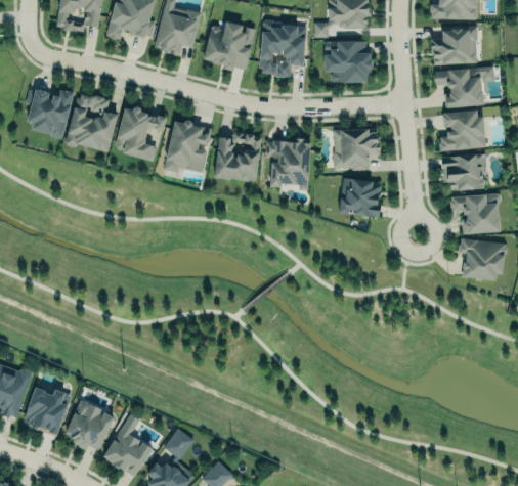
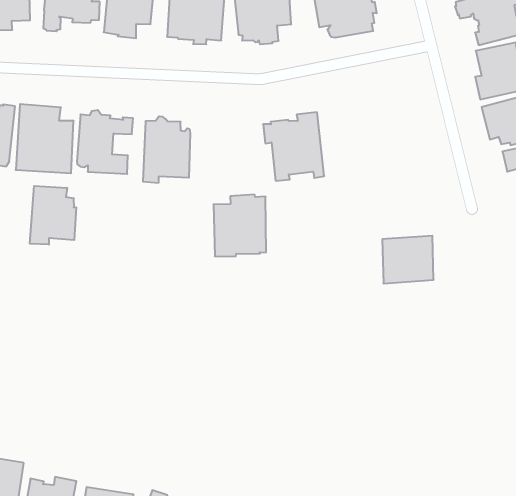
building: [334,127,380,168] -> none
building: [214,132,262,181] -> [213,195,266,256]
building: none -> [30,186,76,245]
building: [339,178,384,217] -> [382,236,434,283]

